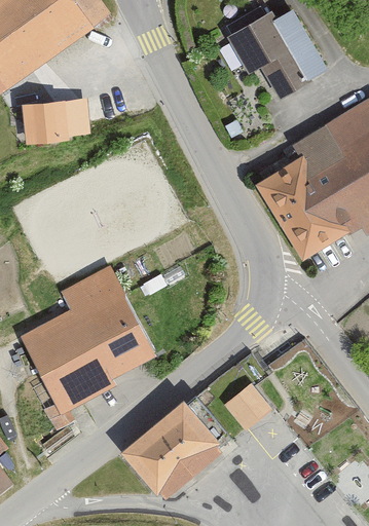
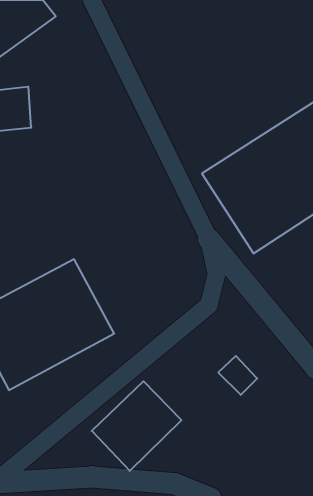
building: [238,8,319,96] -> none
building: [231,387,272,428] -> [218,356,257,395]

